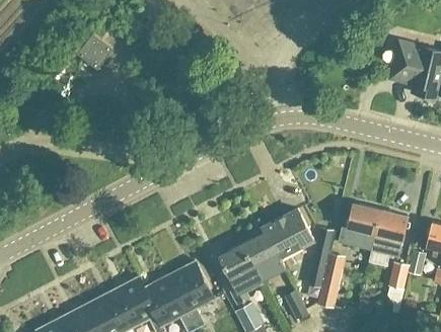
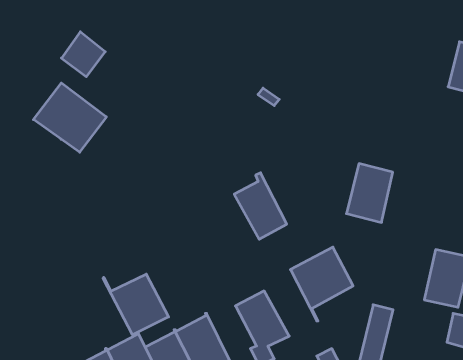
building: none -> [33,83,106,152]
building: [343,202,380,250] -> [346,164,393,222]
building: [241,226,284,279] -> [234,173,287,239]
building: none -> [103,274,169,335]

